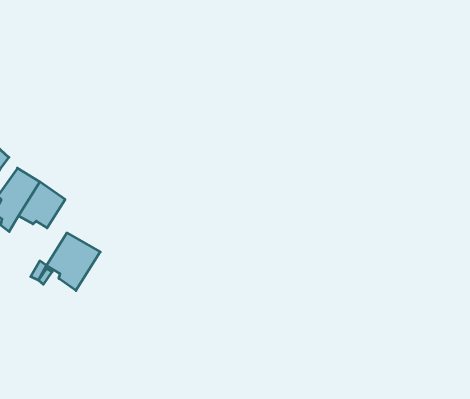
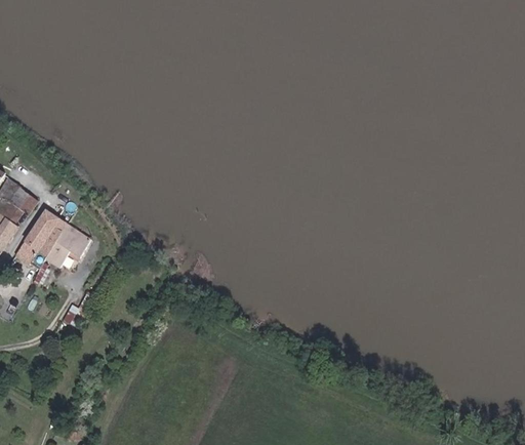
building: [47,233,100,291] -> none

